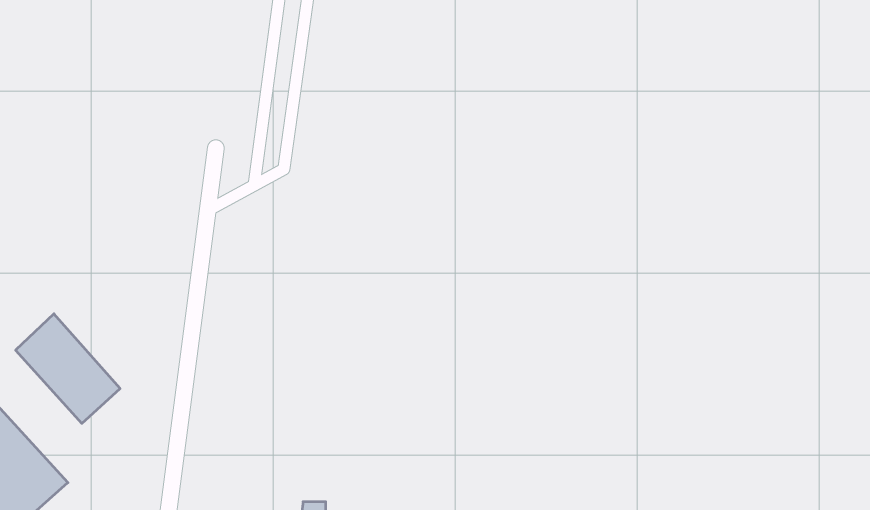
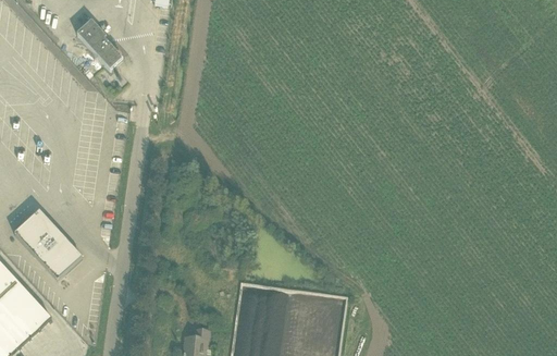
building: none -> [76,19,122,67]

